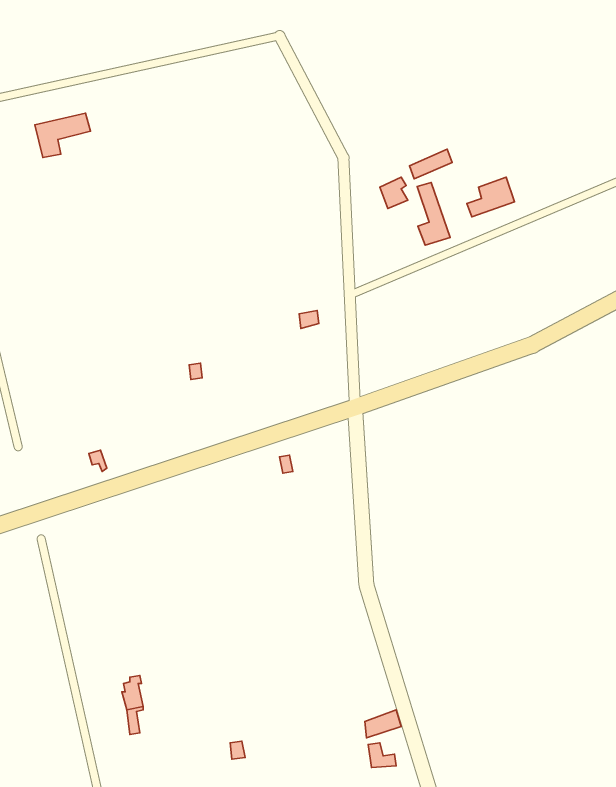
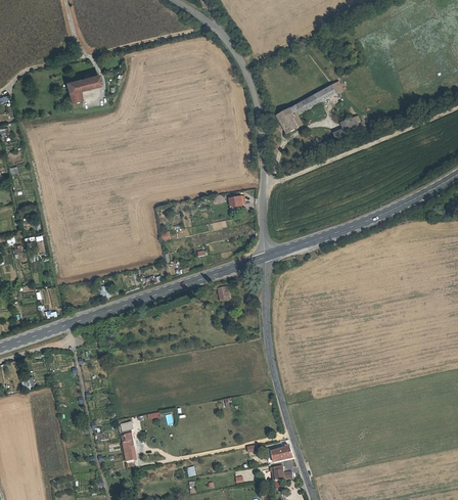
building: [417,183,450,245] -> none

